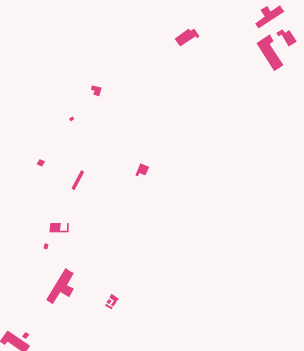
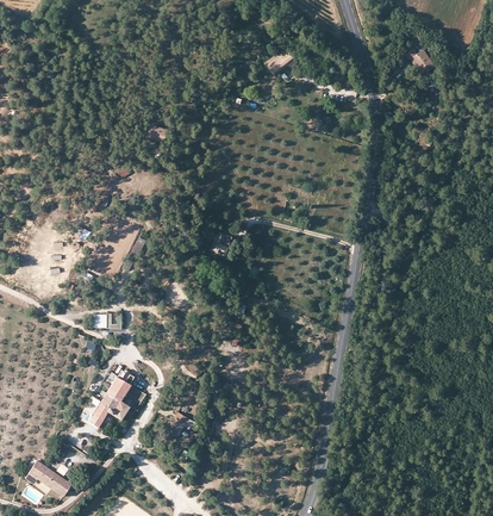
building: [254,4,285,29] -> none
building: [255,33,284,72] -> none

